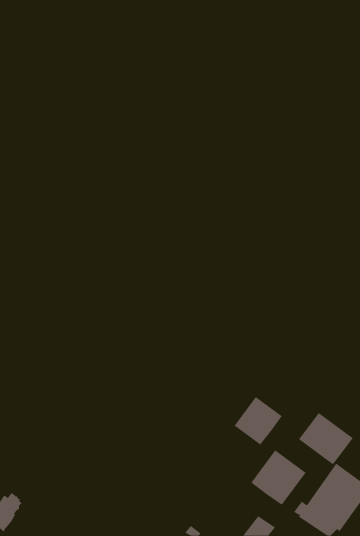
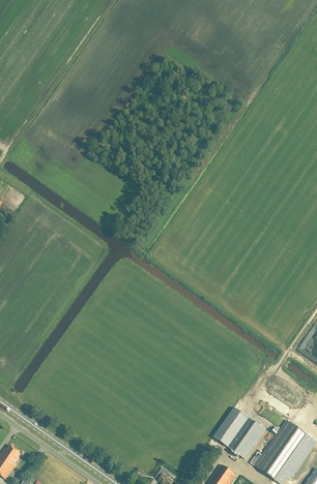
building: [234,396,282,445] -> none
building: [298,412,353,465] -> none

